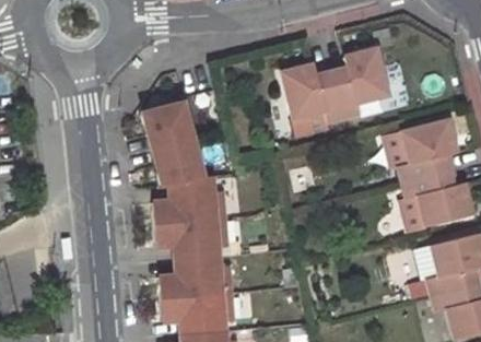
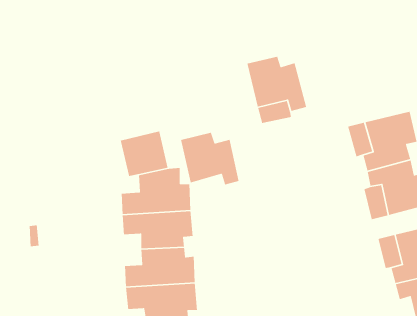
building: [331,48,387,117] -> none
building: [145,103,195,150] -> none
building: none -> [180,132,240,186]

